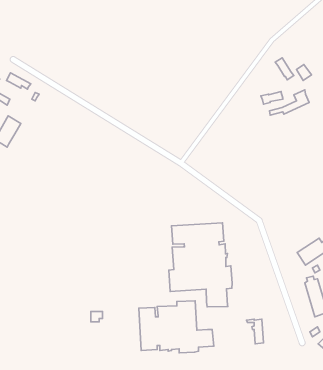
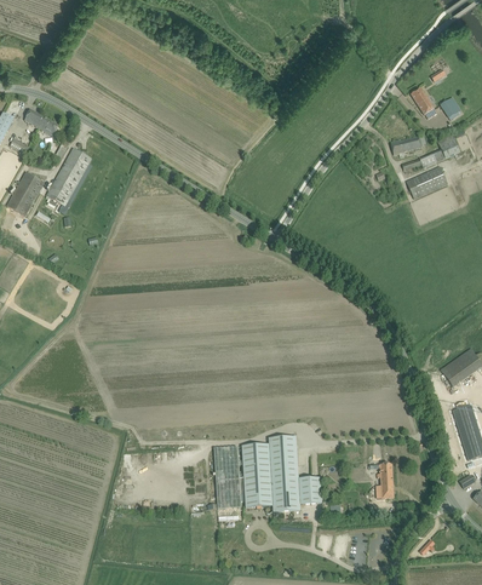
building: none -> [46,148,92,213]
building: none -> [406,166,447,197]
building: [169,223,232,307] -> none

